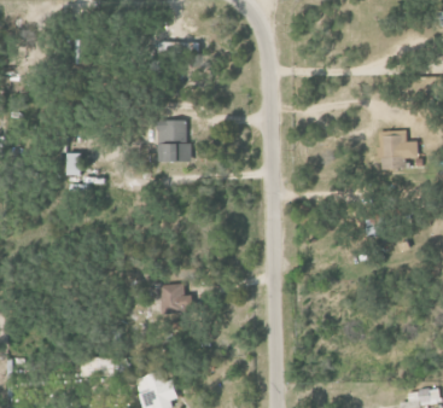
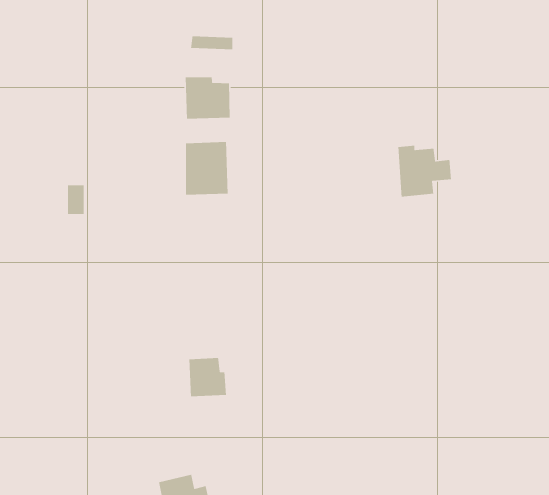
building: none -> [185,77,230,120]
building: [378,130,419,170] -> [398,145,452,198]

